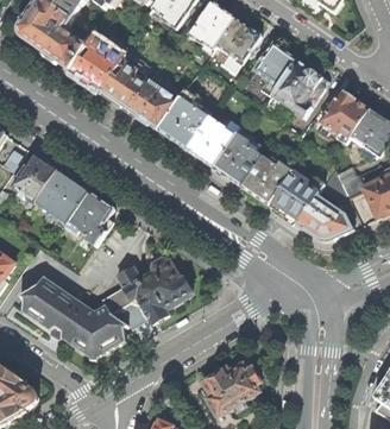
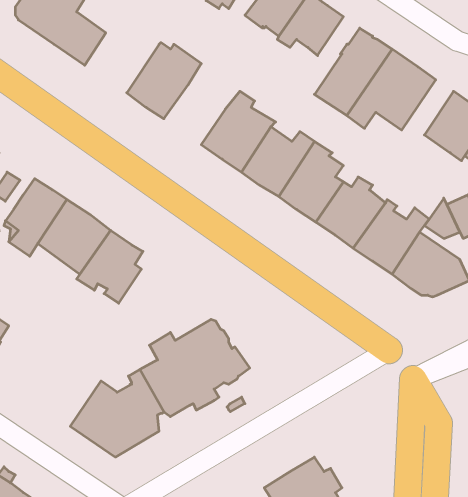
building: [70,33,125,90] -> none
building: [128,84,174,128] -> none
building: [19,275,82,335] -> none

